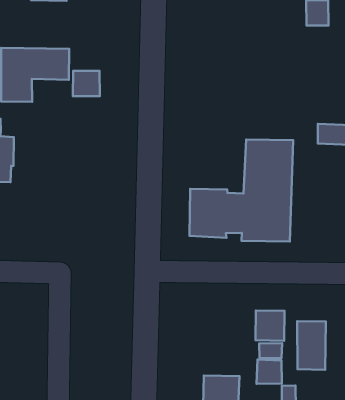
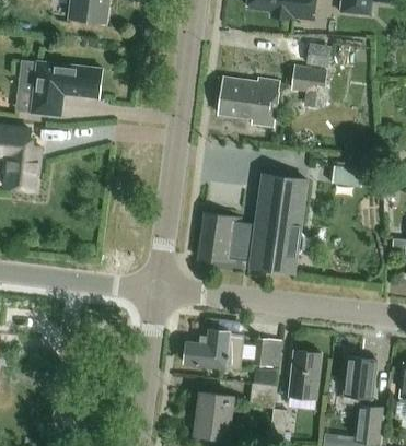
building: none -> [290,63,326,93]
building: none -> [218,79,279,129]
building: [73,71,100,96] -> none
building: none -> [182,330,241,369]

